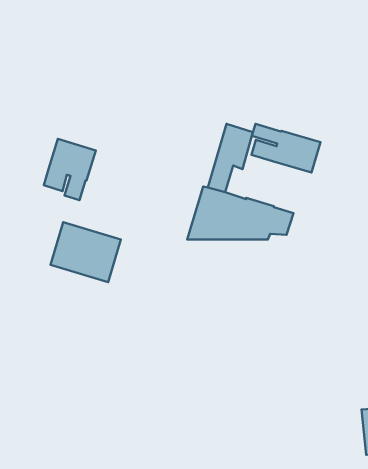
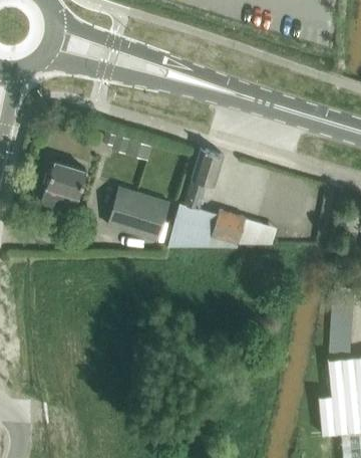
building: [252,124,320,172] -> none
building: [51,222,121,282] -> [107,189,168,241]

